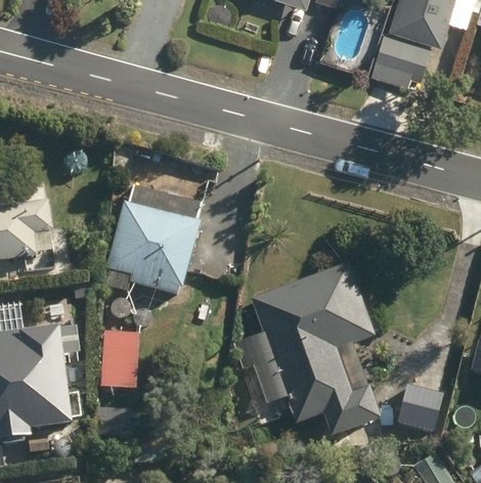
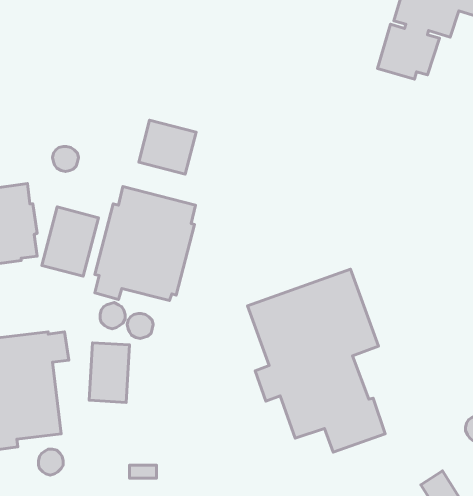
building: none -> [139,120,196,174]
building: none -> [42,207,99,276]
building: [394,386,441,442] -> none

